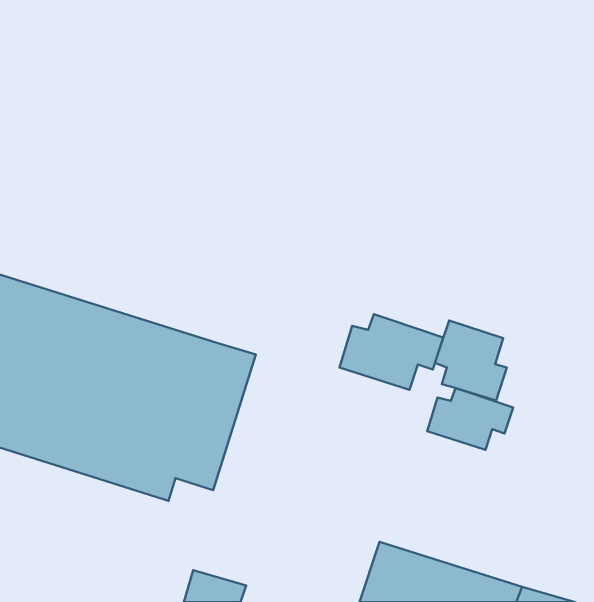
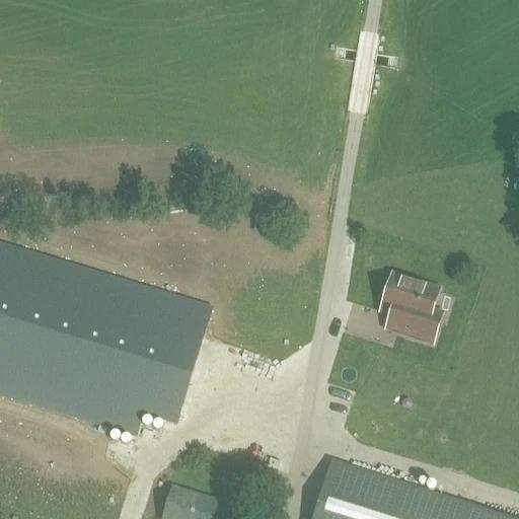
building: [340,314,443,390] -> none
building: [427,388,513,450] -> none

